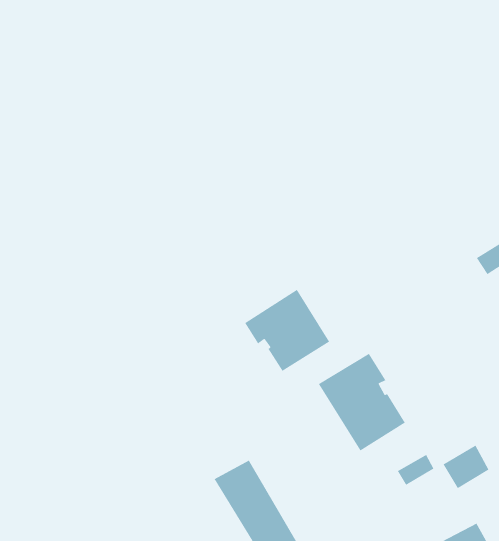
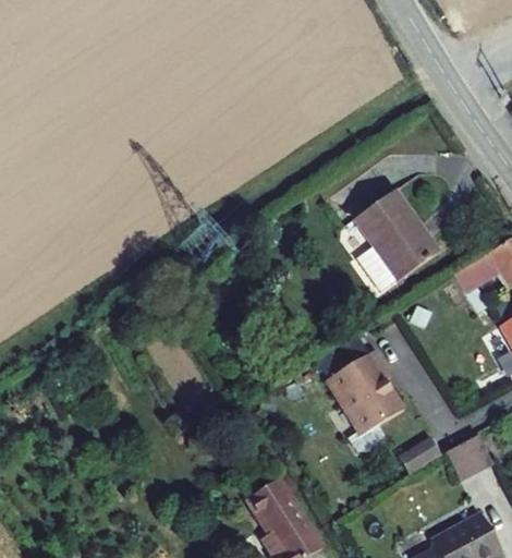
building: none -> [355,186,438,289]
building: [244,289,330,372] -> none

